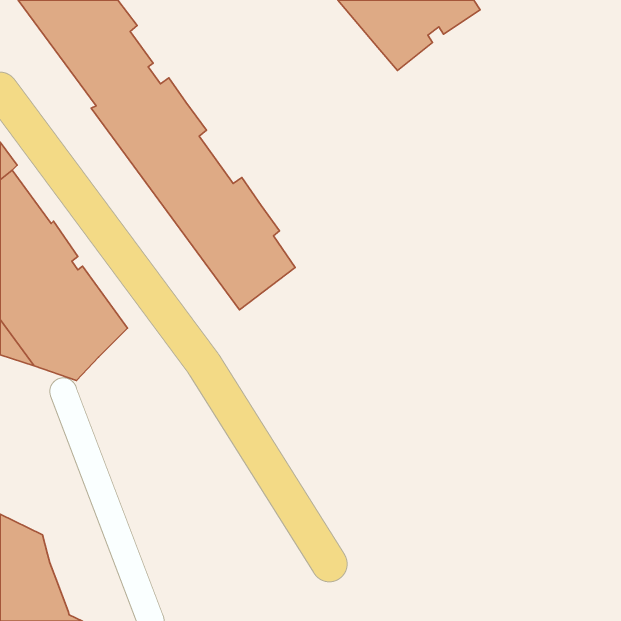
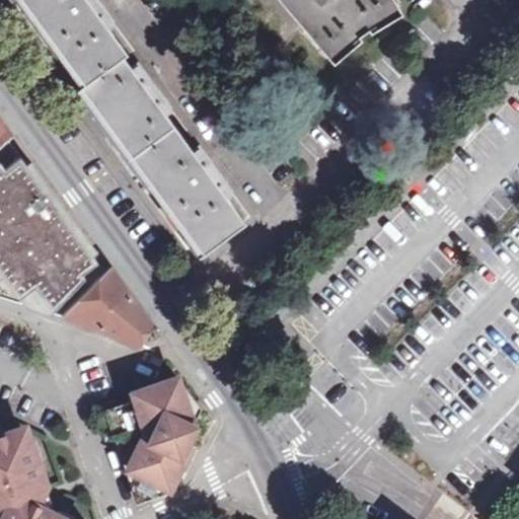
building: none -> [64,269,156,348]
building: none -> [112,384,196,497]

